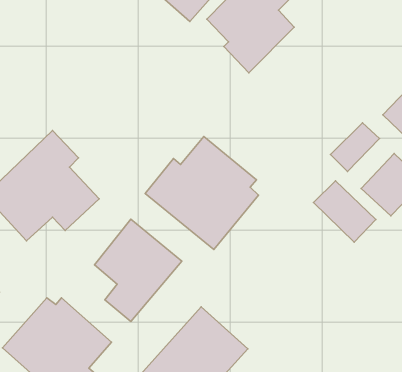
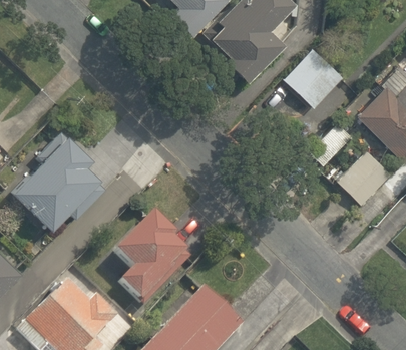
building: none -> [284,47,342,105]
building: [145,137,259,250] -> none
building: [313,181,376,242] -> none

